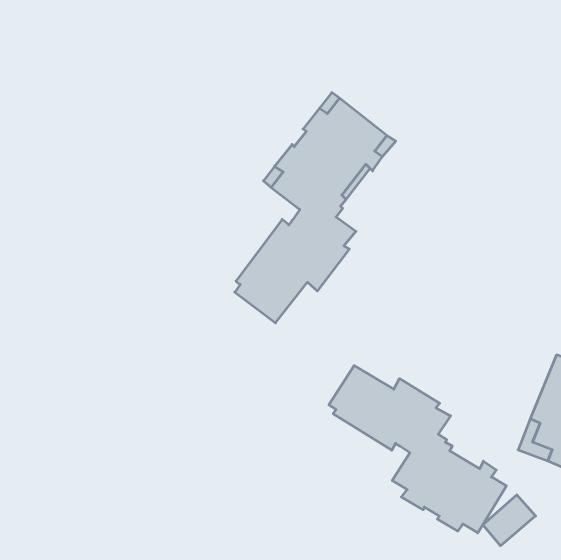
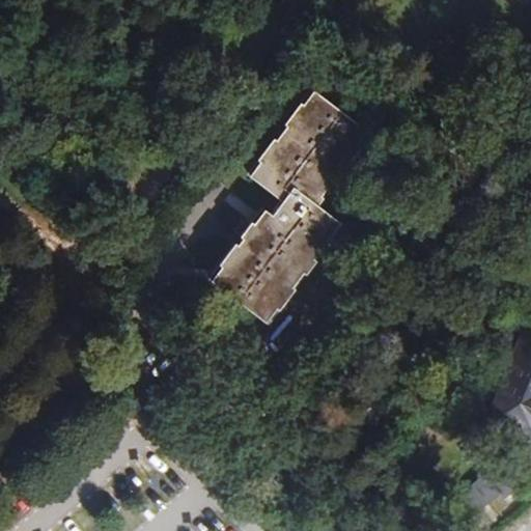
building: none -> [207,203,344,328]
building: [329,366,506,533] -> none

